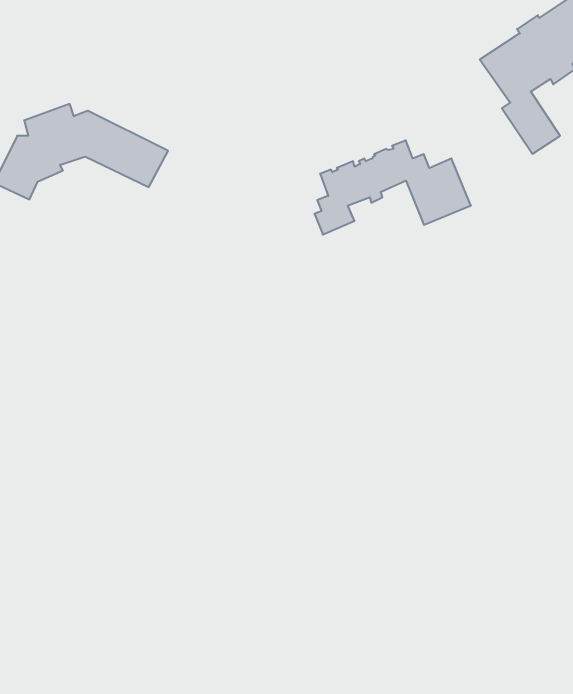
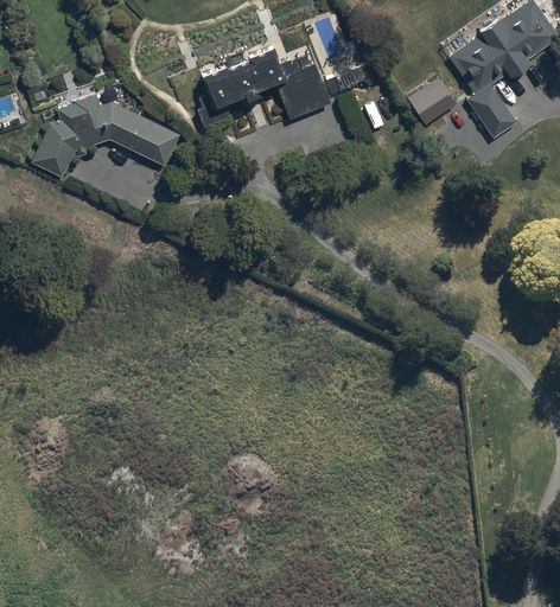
building: none -> [407,77,457,124]
building: [314,140,471,235] -> [197,47,331,128]

